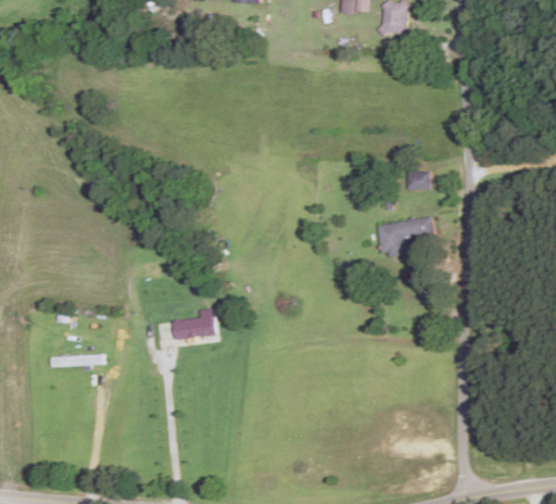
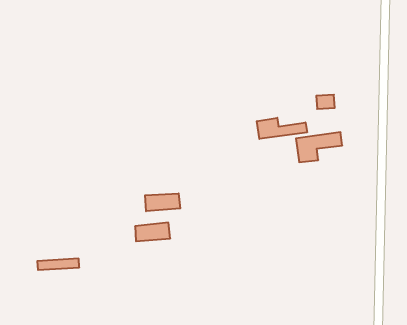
building: none -> [257,118,307,139]
building: none -> [145,193,180,211]

